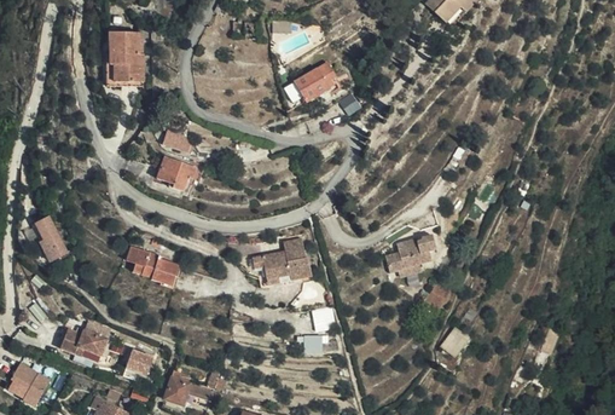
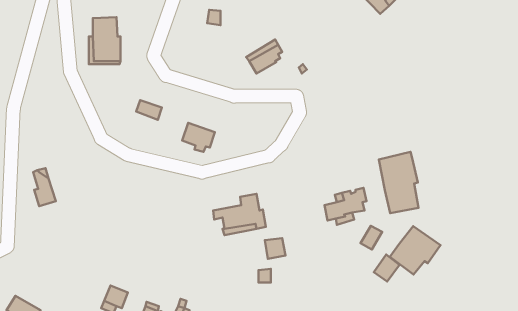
building: [158,158,197,192] -> [182,123,215,152]
building: none -> [379,152,419,213]
building: [129,250,181,290] -> none
building: none -> [390,226,440,275]
building: [60,327,109,362] -> none

